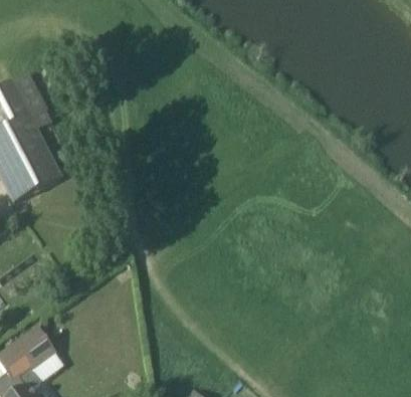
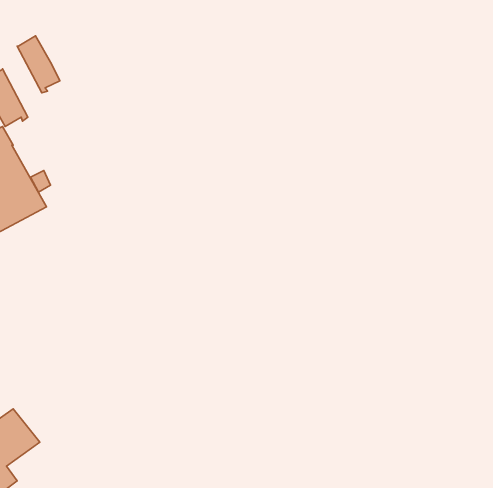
building: none -> [17,36,60,93]

